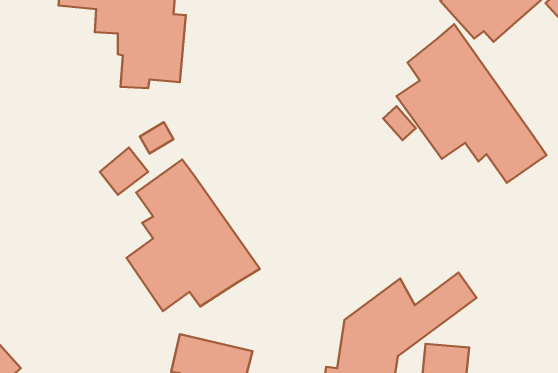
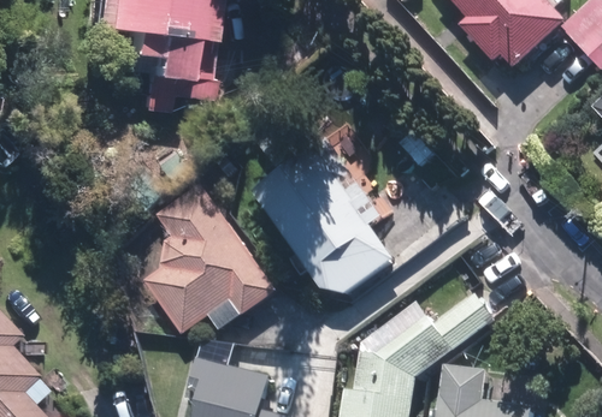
building: [396,24,547,183] -> none
building: none -> [250,135,393,292]

